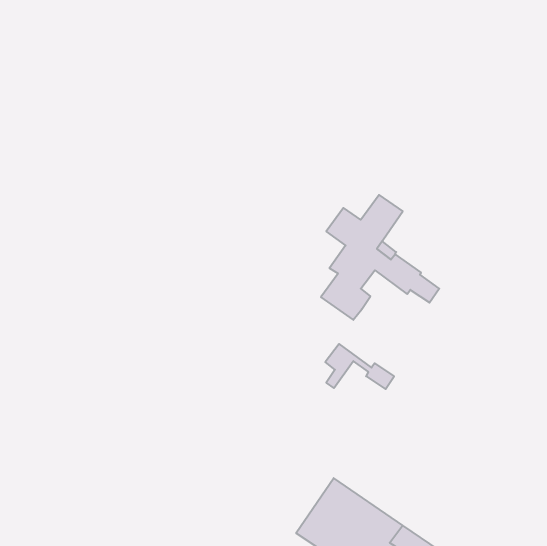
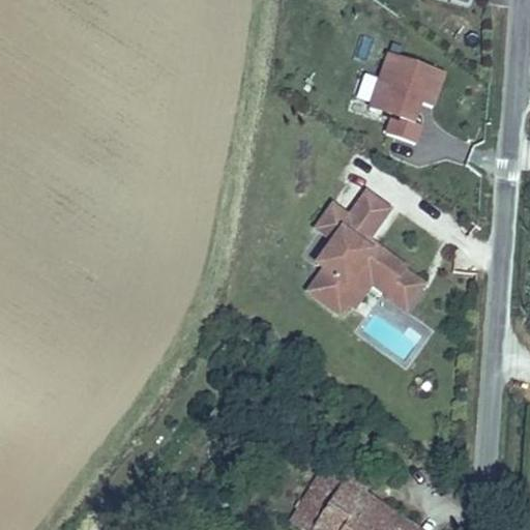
building: none -> [367,53,443,143]
building: [325,344,394,389] -> [350,264,416,307]

